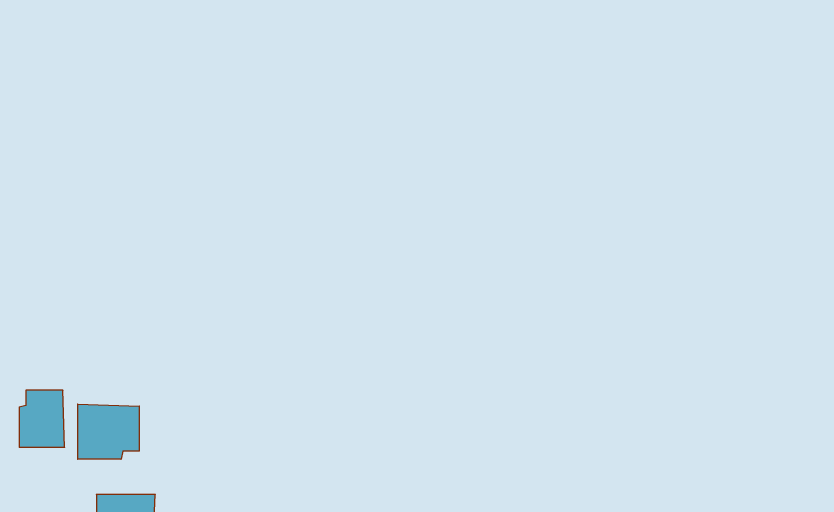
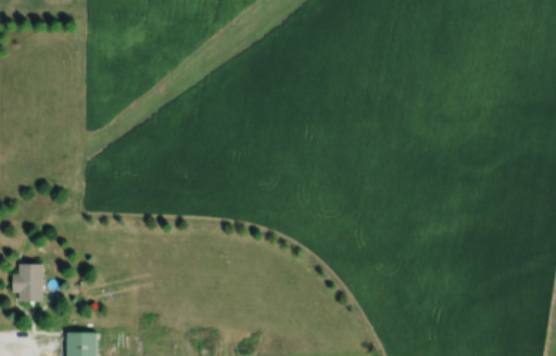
building: [78,404,139,459] -> none

